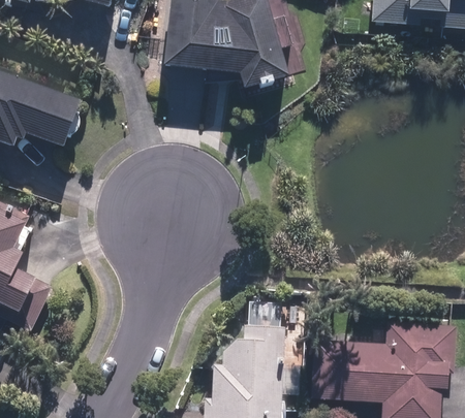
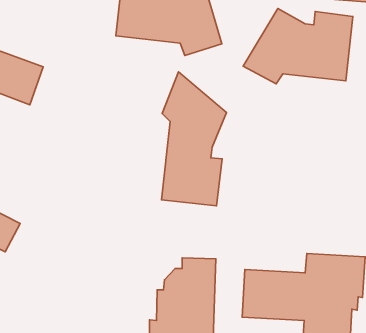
building: none -> [243,9,353,84]
building: none -> [162,72,227,206]

